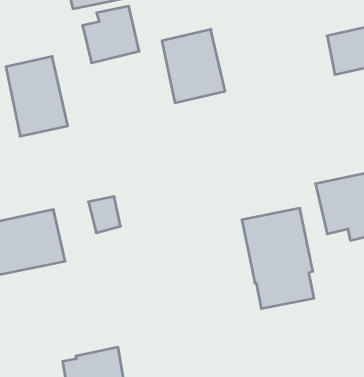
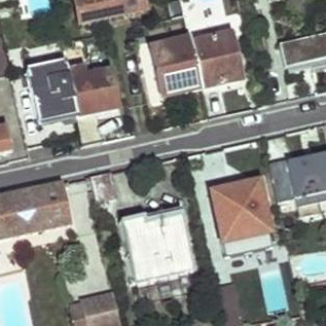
building: [82,6,139,63] -> [69,70,114,115]
building: none -> [189,33,239,86]
building: none -> [122,210,196,279]

